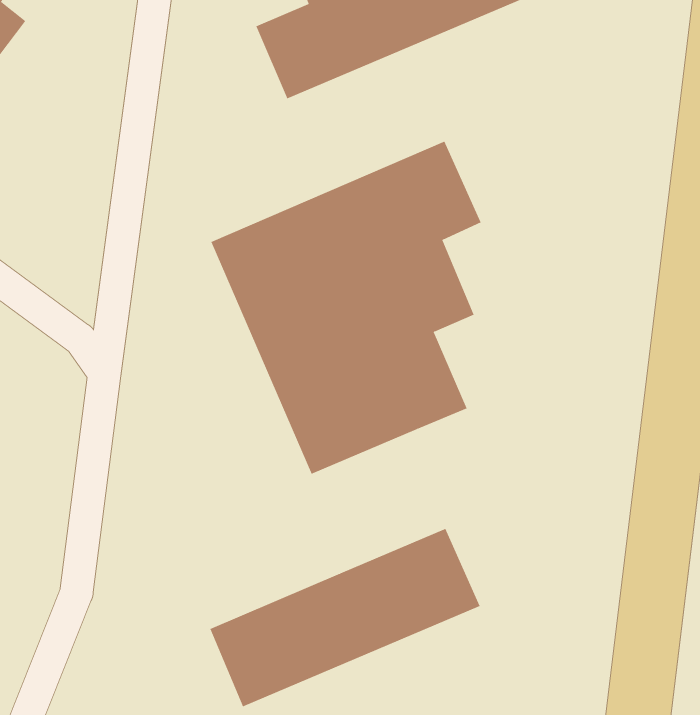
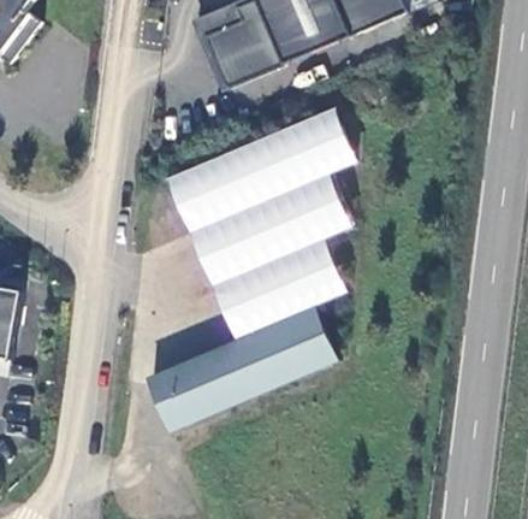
building: [209,528,480,707] -> [148,308,336,432]

